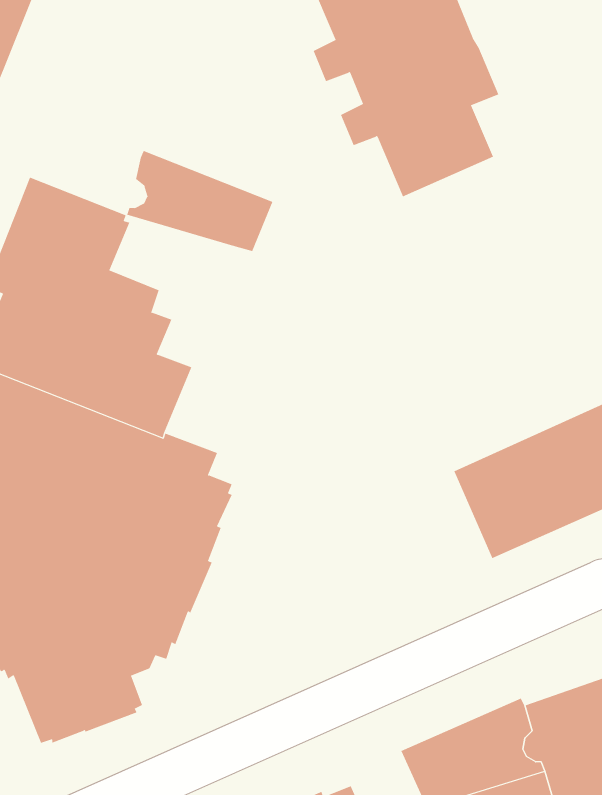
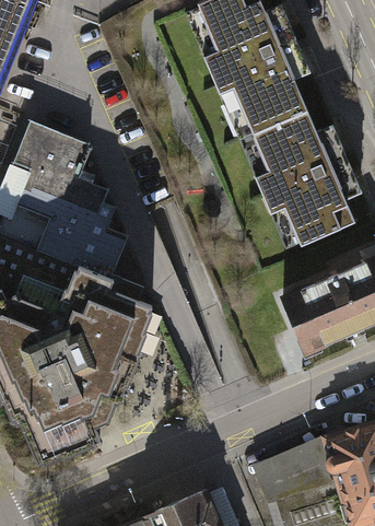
building: [126,150,273,252] -> none
building: none -> [254,109,363,245]

